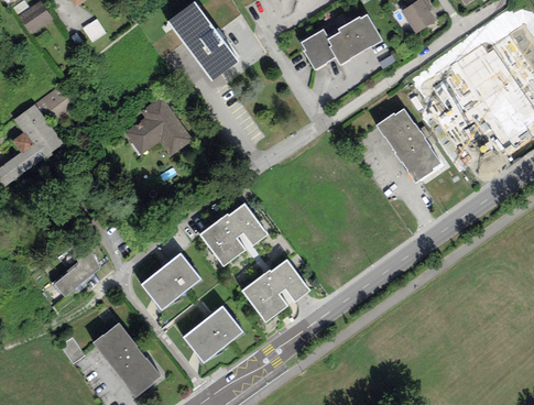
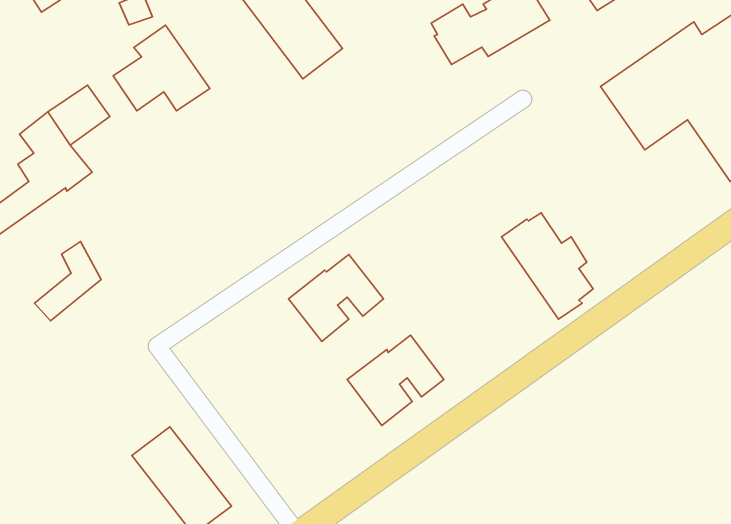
building: [126,96,193,155] -> [113,25,210,111]
building: [377,108,440,182] -> [501,213,593,319]
building: [54,241,100,296] -> [35,242,101,321]
building: [141,253,200,310] -> none
building: [183,306,243,363] -> none

